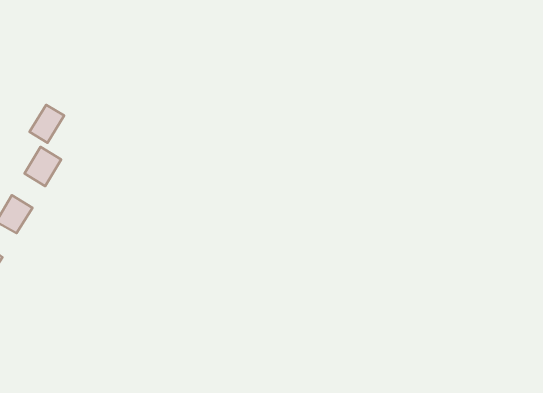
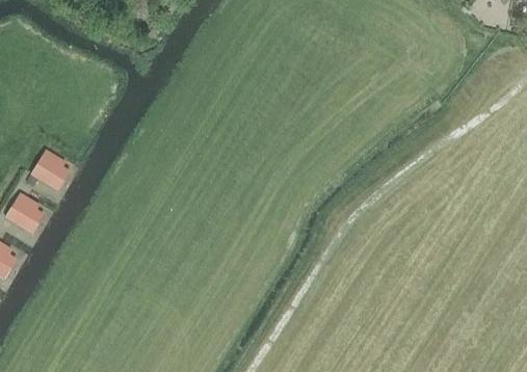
building: [30,105,64,143] -> none

